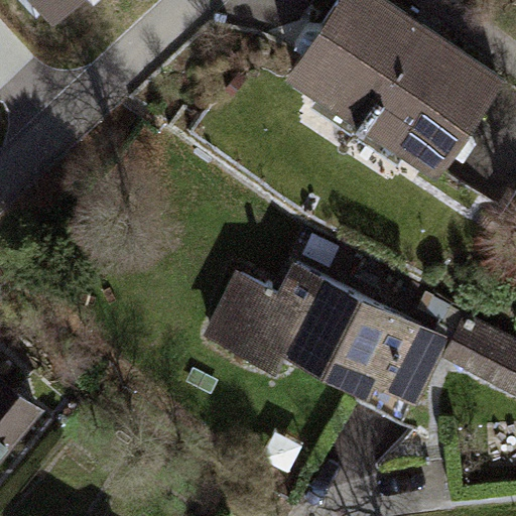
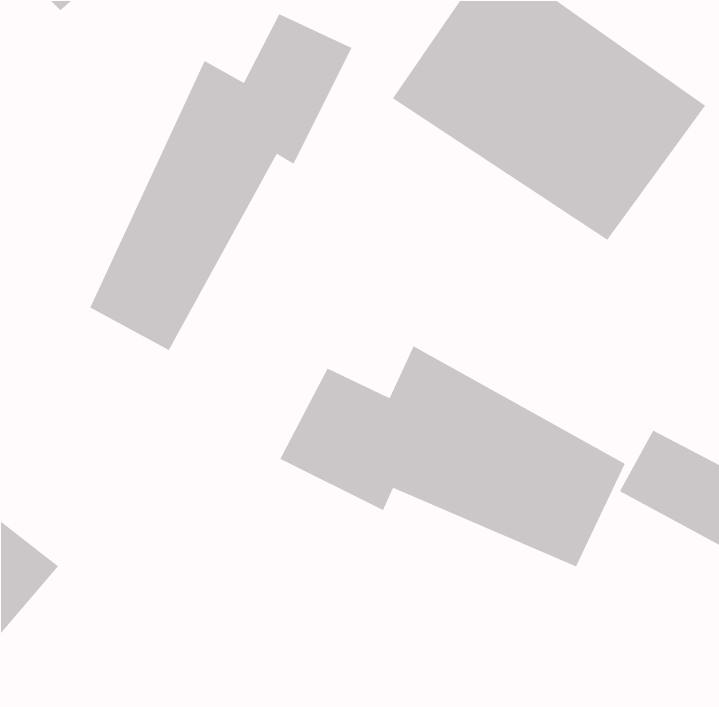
building: none -> [89,13,353,351]

